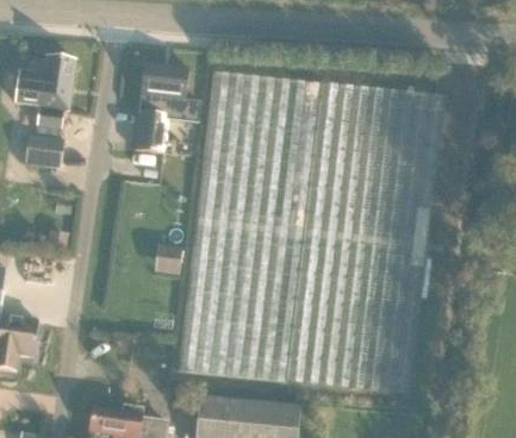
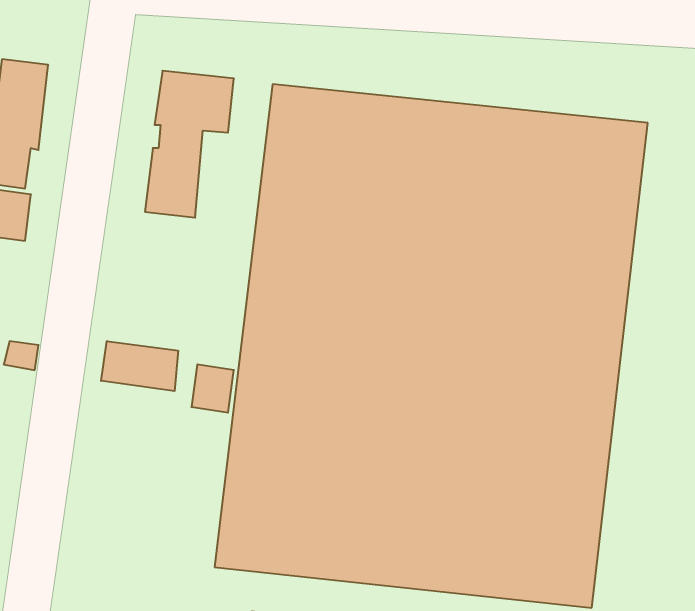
building: none -> [101,341,178,391]

